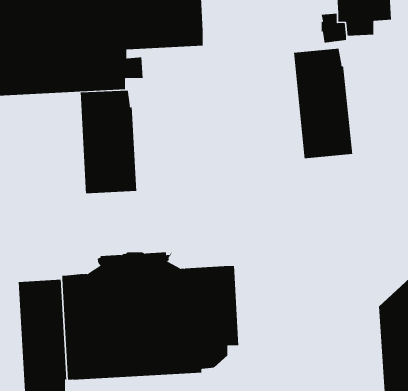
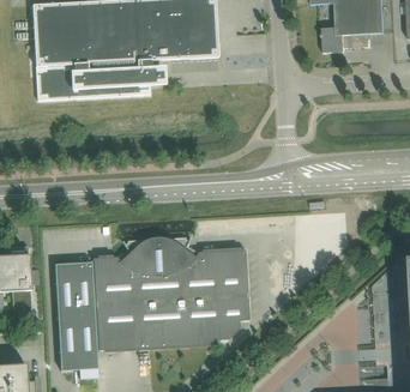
building: [293,48,353,159] -> none
building: [80,90,137,194] -> none

